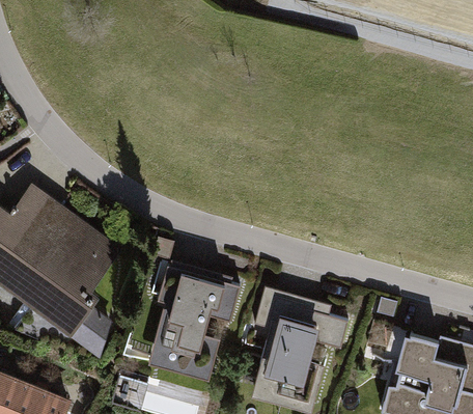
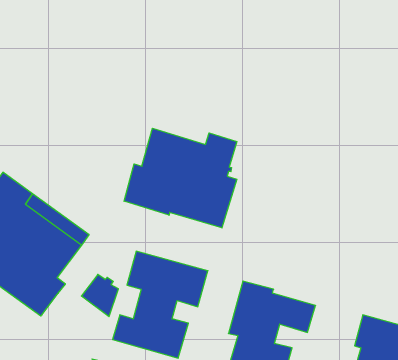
building: none -> [124,128,237,228]
building: [73,309,110,352] -> [81,274,118,317]

